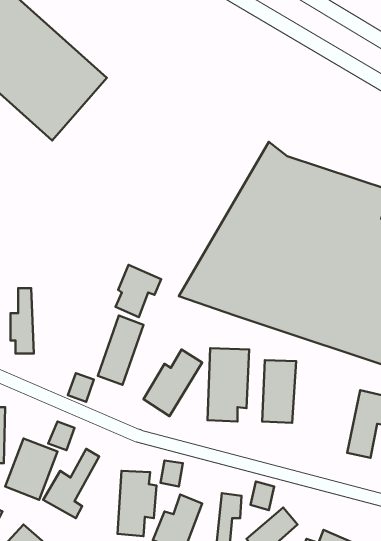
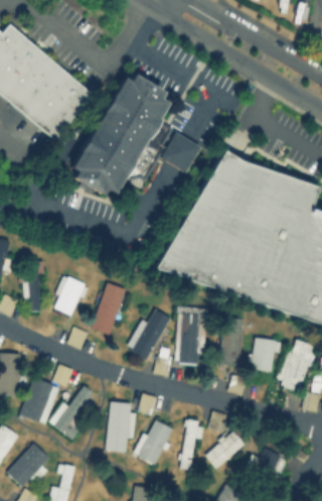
building: none -> [68,74,200,194]
building: [115,265,161,317] -> [53,275,89,316]
building: none -> [251,338,281,372]

